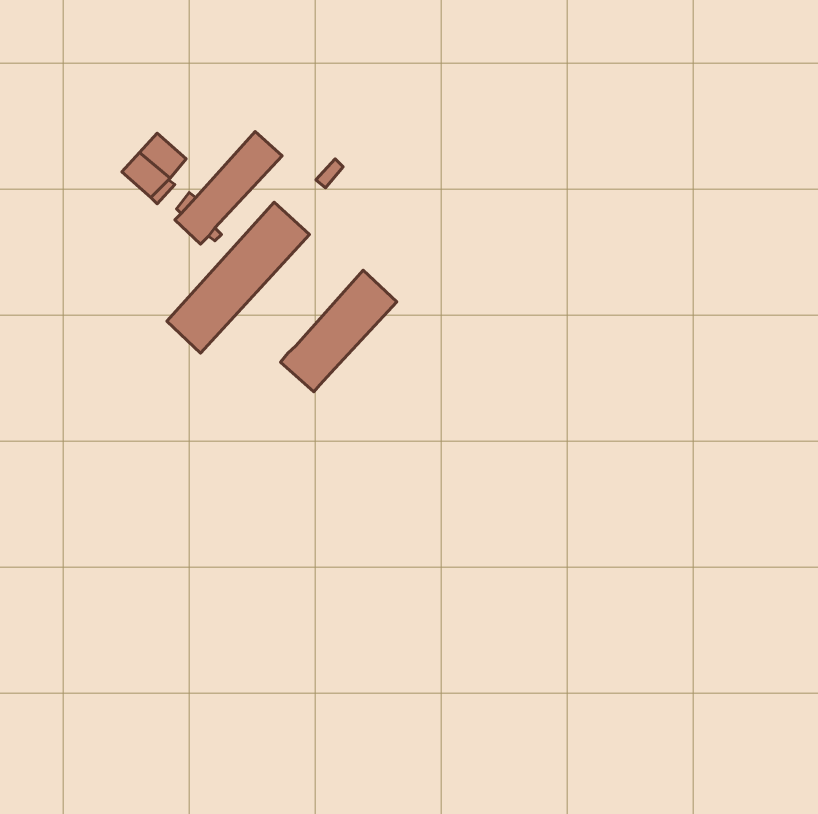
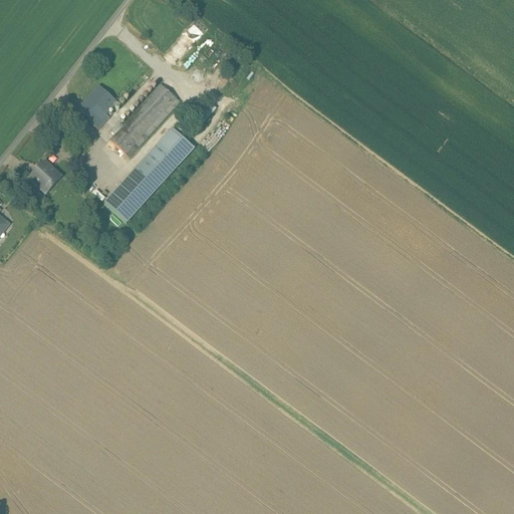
building: none -> [29,159,62,192]
building: [281,270,397,392] -> none

